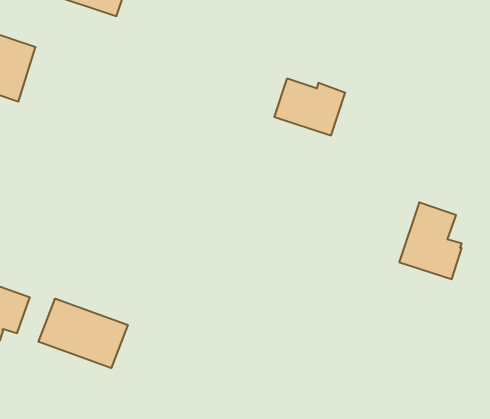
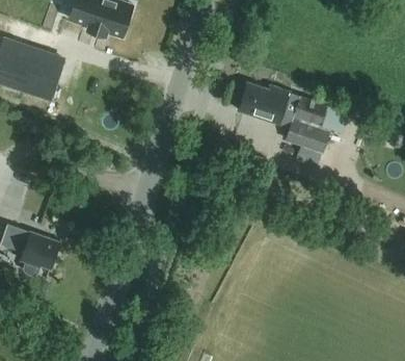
building: [399,202,462,279] -> [284,97,329,153]
building: [39,299,128,368] -> none

